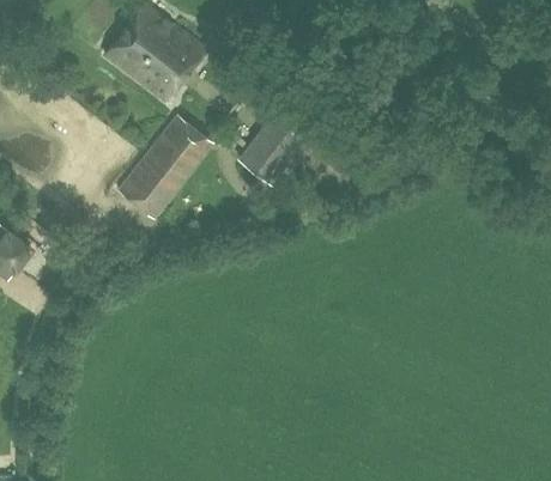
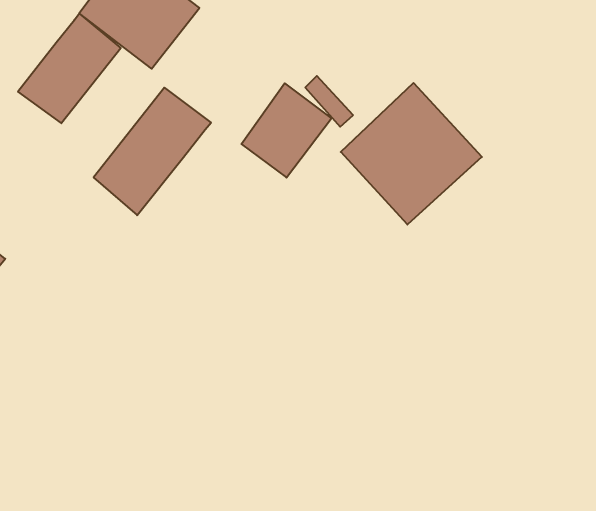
building: none -> [18,14,121,123]
building: none -> [341,83,482,225]

